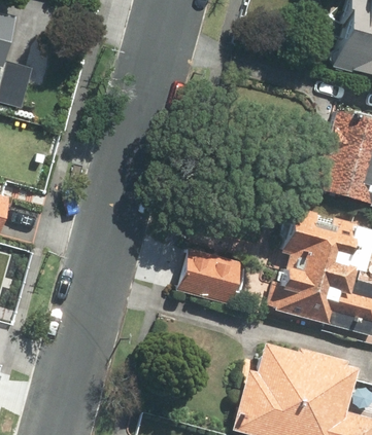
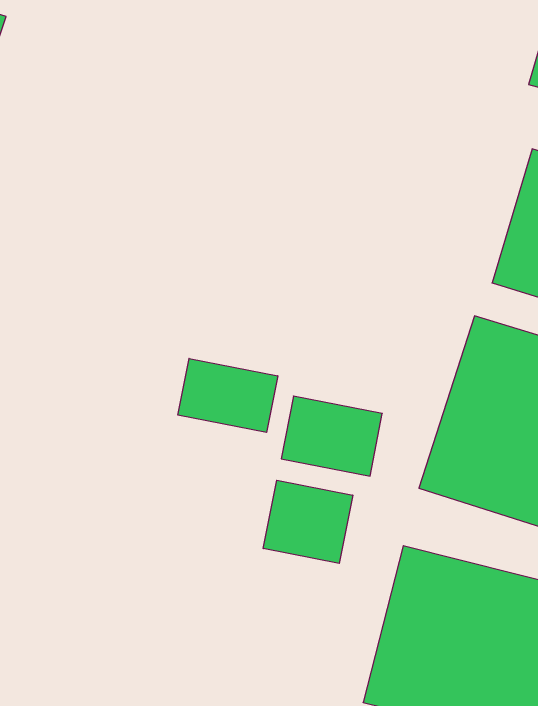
building: none -> [178,358,278,432]
building: none -> [263,480,353,563]

